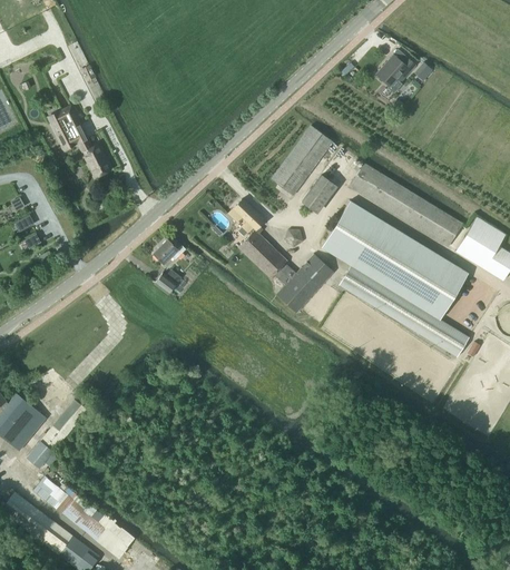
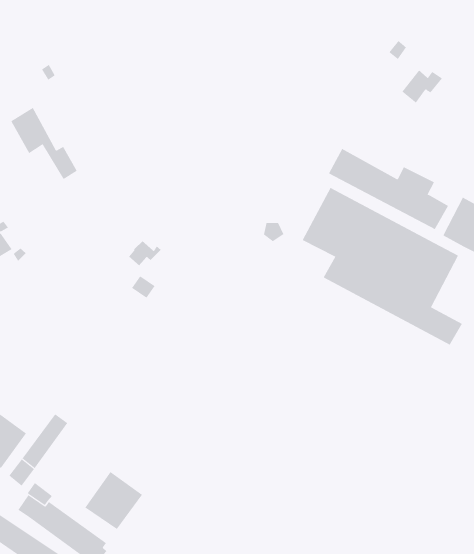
building: [376,55,416,87] -> [402,70,443,104]
building: [272,126,333,195] -> none
building: [303,173,337,213] -> none
building: [228,199,334,313] -> none
building: none -> [85,471,143,530]

